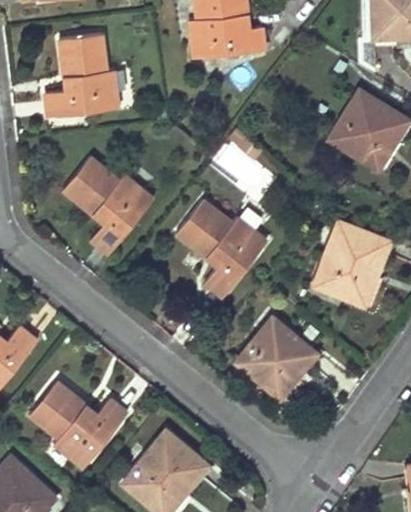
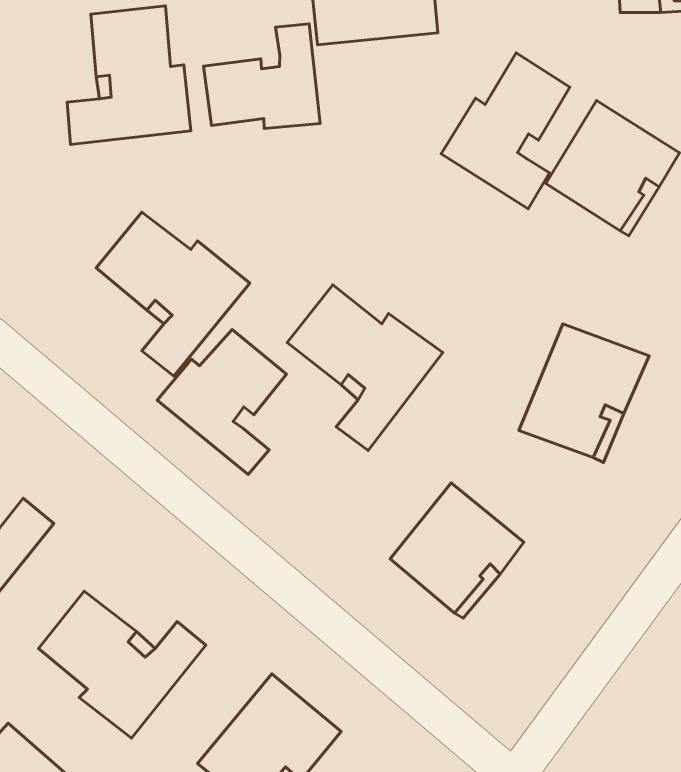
building: none -> [203,24,320,129]
building: none -> [441,53,570,209]
building: none -> [157,329,287,474]

